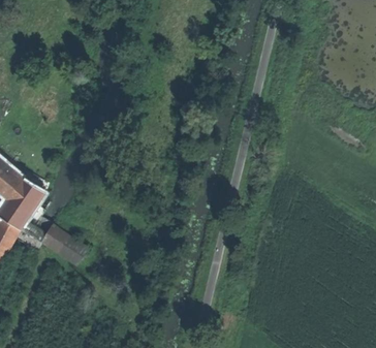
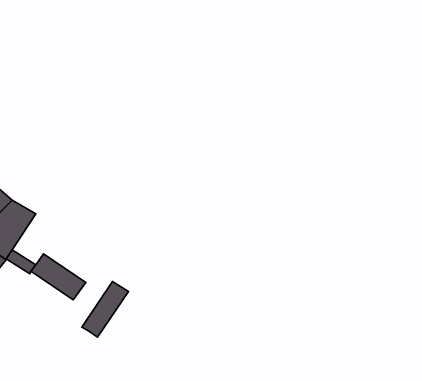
building: none -> [82,282,128,337]

